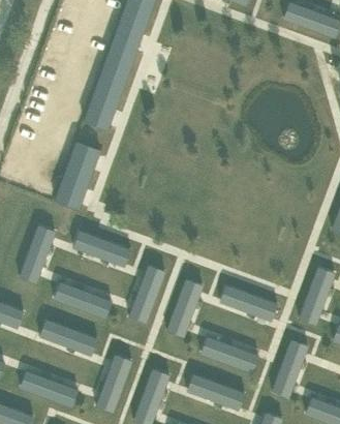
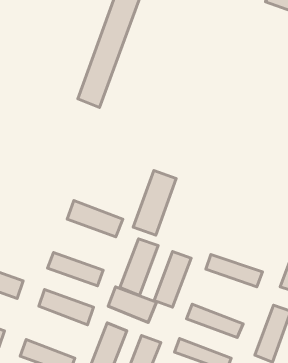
building: [55,139,100,207] -> [133,171,176,235]
building: [20,223,57,282] -> none
building: none -> [108,287,156,323]

